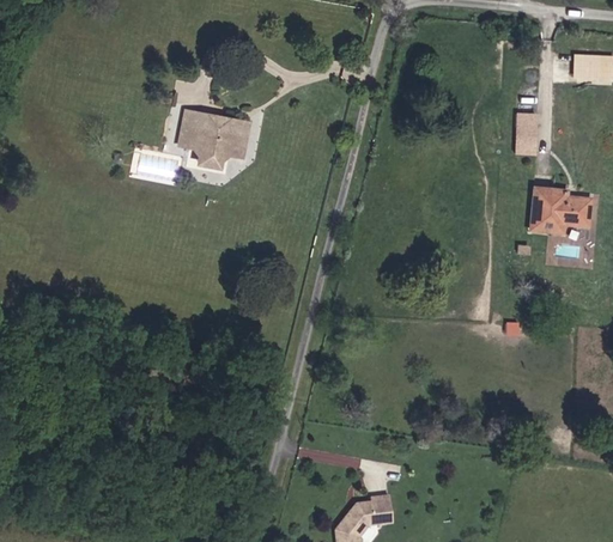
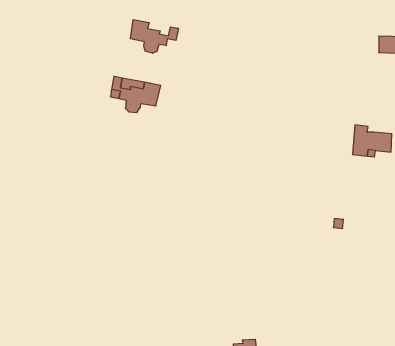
building: none -> [130,20,178,53]
building: [510,112,533,156] -> none

